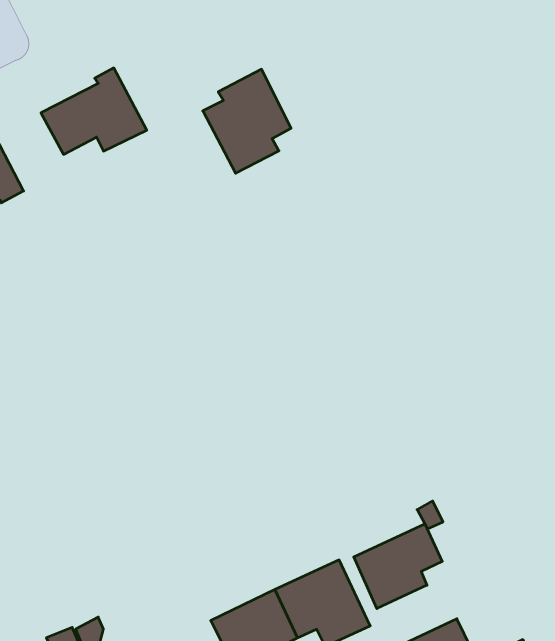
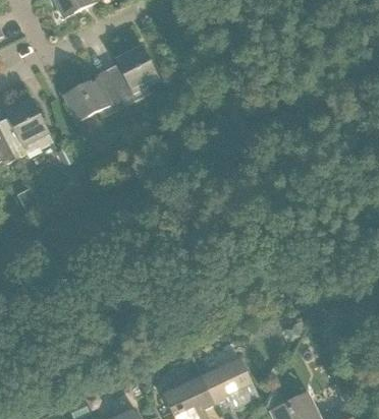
building: [203,69,291,173] -> [105,45,157,106]
building: [354,524,442,609] -> none

